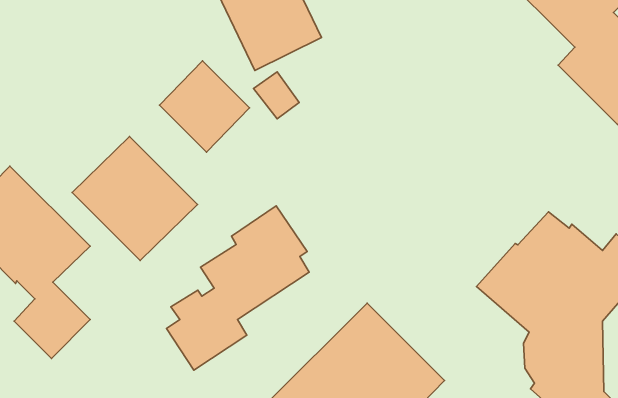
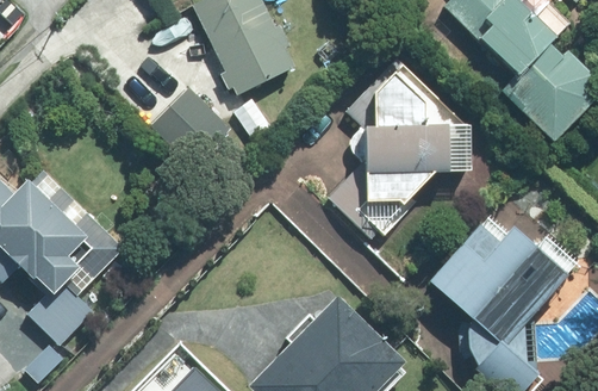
building: none -> [331,57,471,238]
building: [72,136,198,260] -> none
building: [166,206,309,370] -> none

